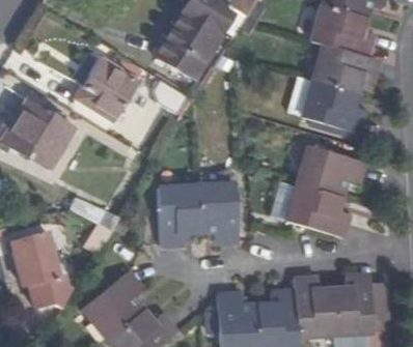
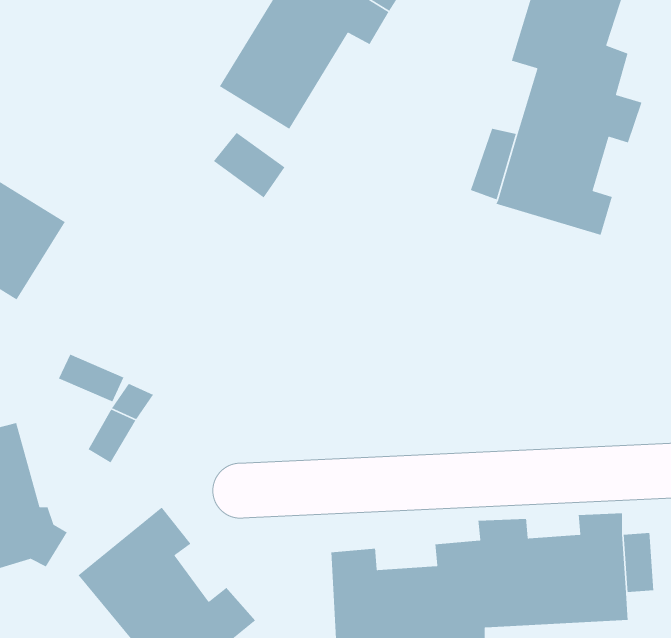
building: [73,49,140,119] -> none
building: [281,141,365,234] -> none
building: [157,186,237,250] -> none

